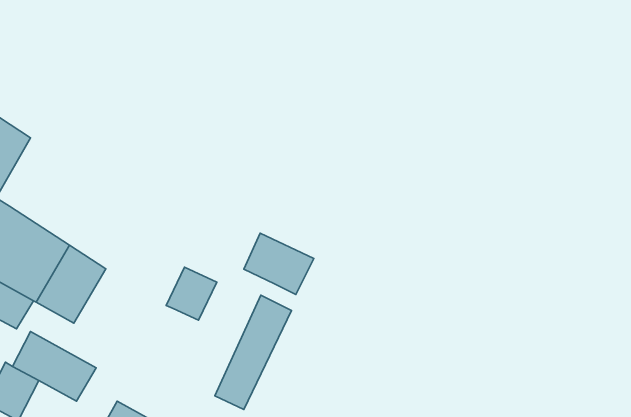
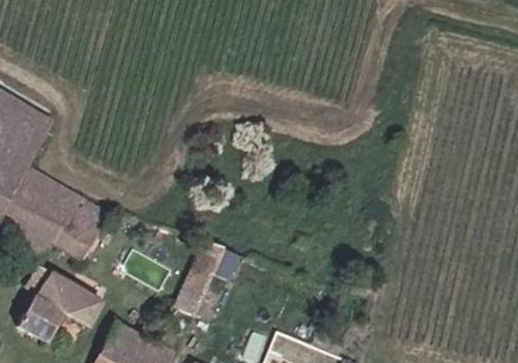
building: [244,233,314,294] -> none
building: [166,267,217,320] -> none

